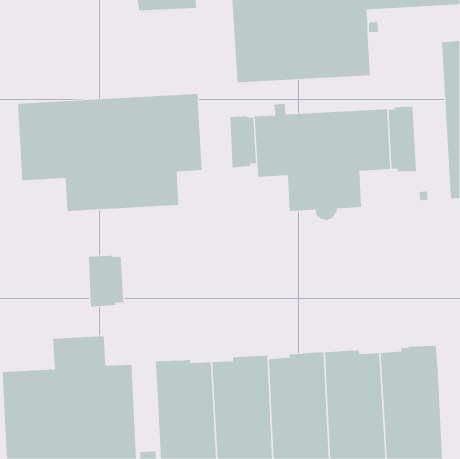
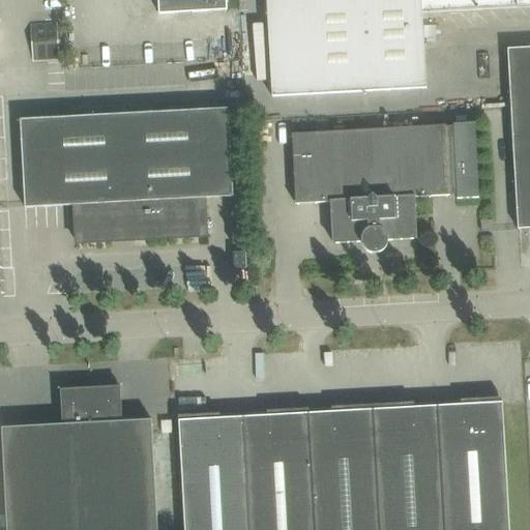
building: [230,115,257,168] -> none
building: [88,255,124,308] -> none

